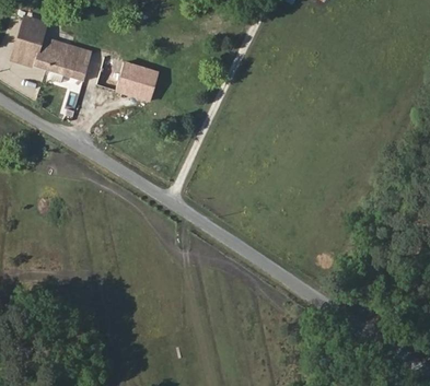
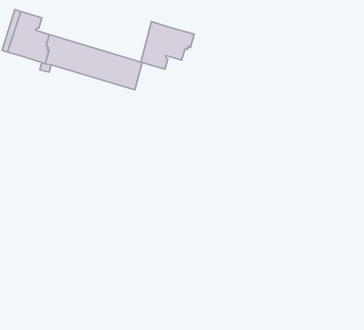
building: none -> [141,22,194,69]

